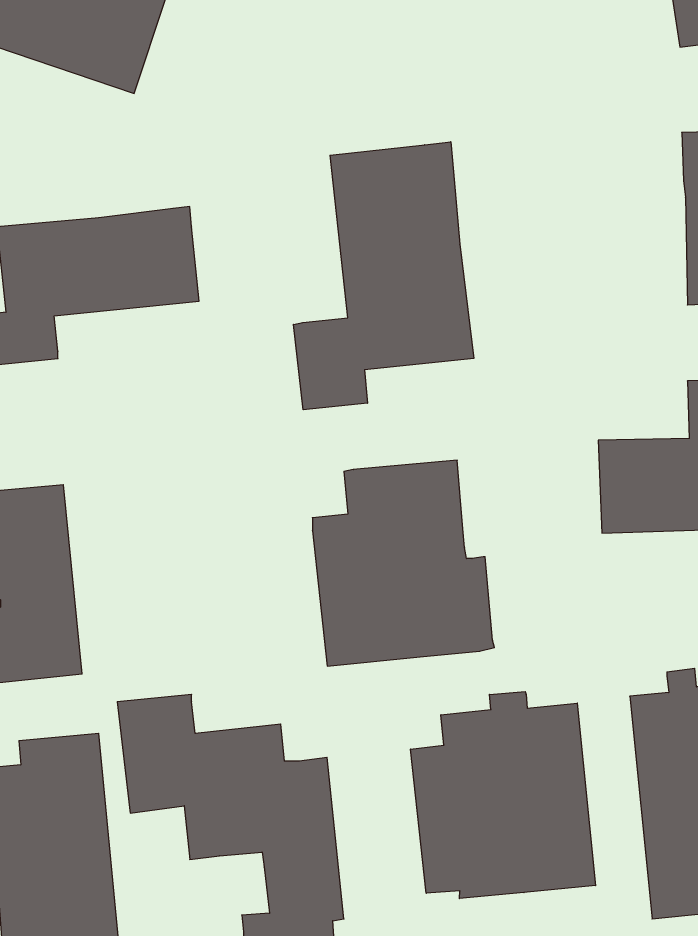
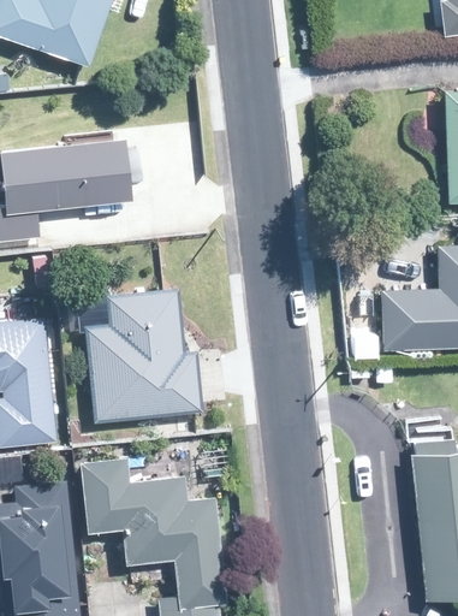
building: [293,142,474,410] -> none
building: [312,460,494,666] -> [87,289,204,422]
building: [411,692,596,899] -> none

